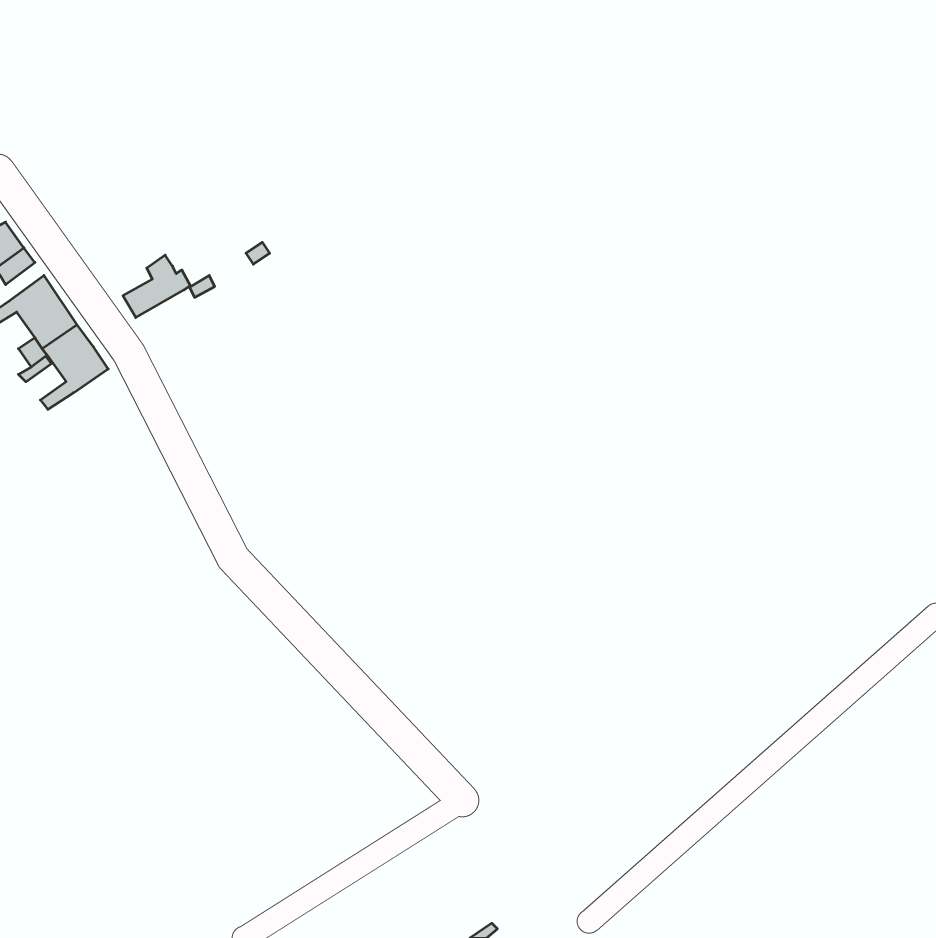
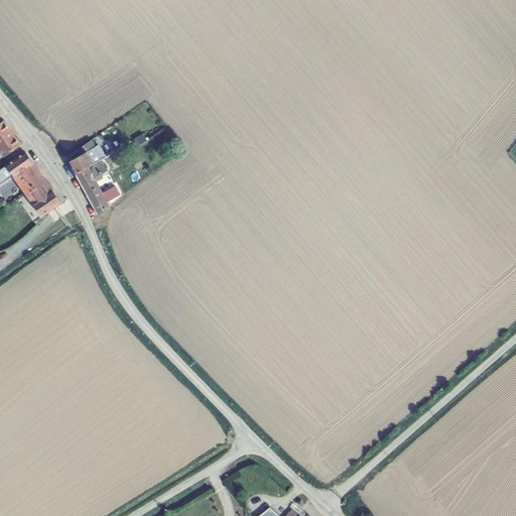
building: none -> [75,159,119,215]

